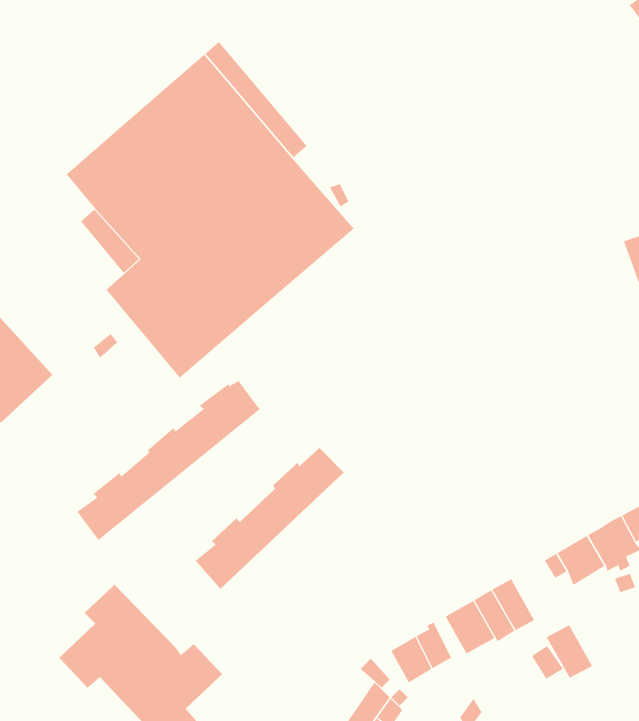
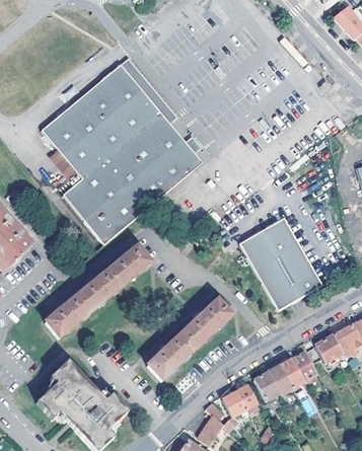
building: none -> [239,217,322,309]
building: [195,447,345,590] -> [147,300,231,380]
building: [546,625,593,679] -> [290,351,316,381]

